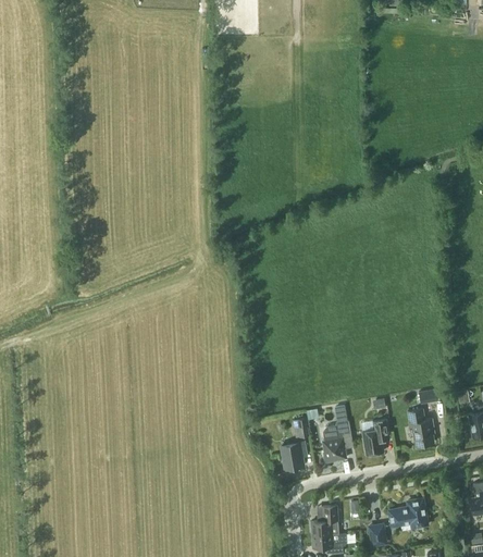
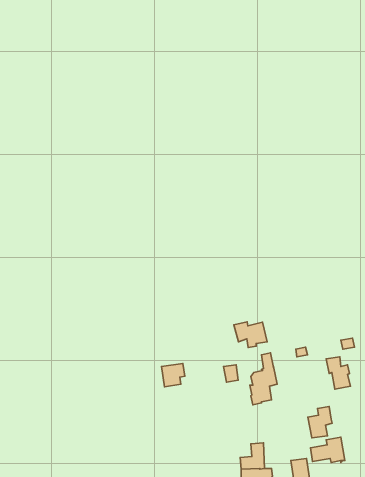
building: none -> [234,322,267,348]
building: [362,419,389,454] -> [308,406,332,438]
building: [282,442,308,468] -> [161,363,185,387]

